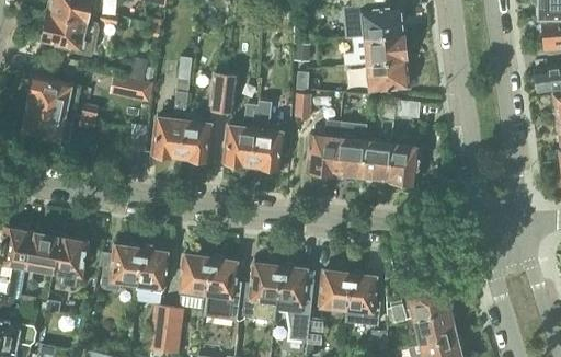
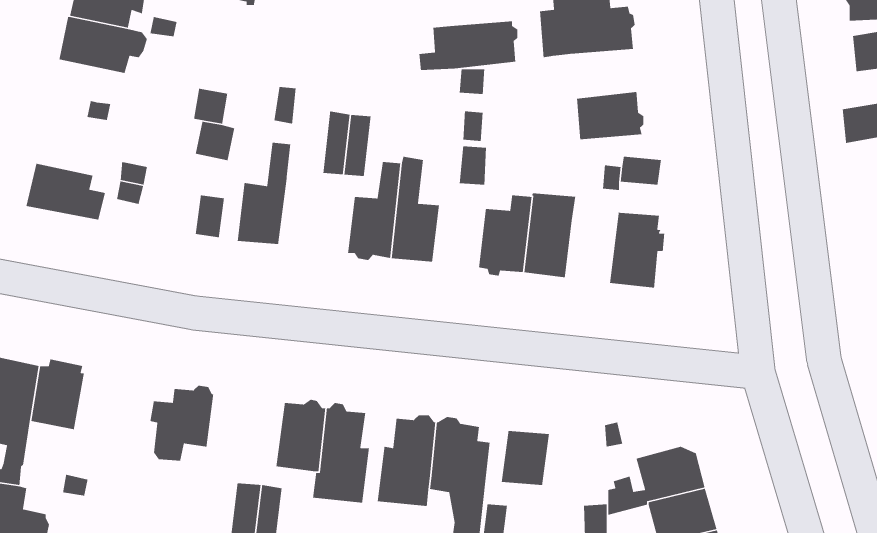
building: [344,34,407,66] -> [418,20,518,71]
building: [28,77,82,115] -> none
building: [181,115,211,162] -> none
building: [360,136,393,181] -> none
building: [53,237,90,288] -> none
building: [136,246,168,287] -> none
building: [346,272,376,311] -> none

